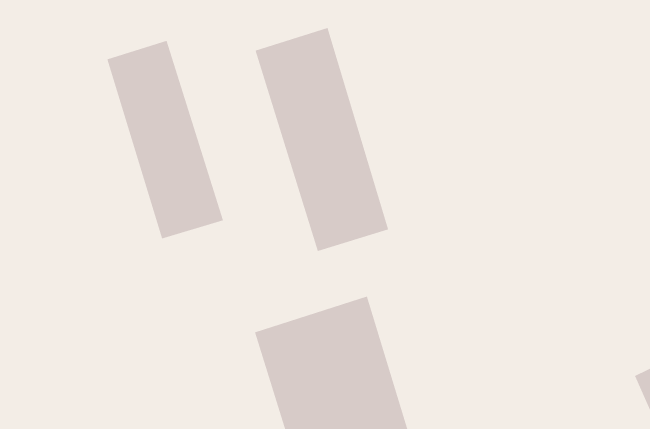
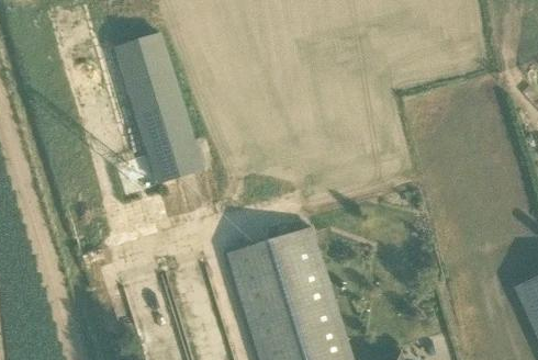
building: [255,27,389,252] -> none

